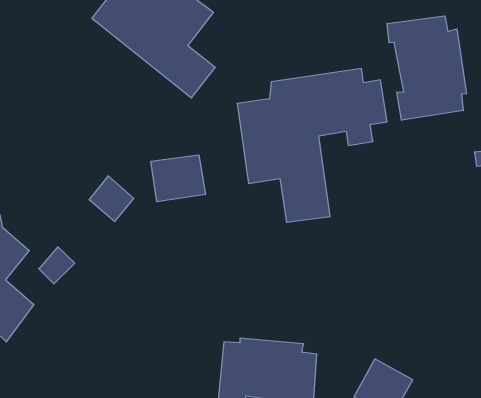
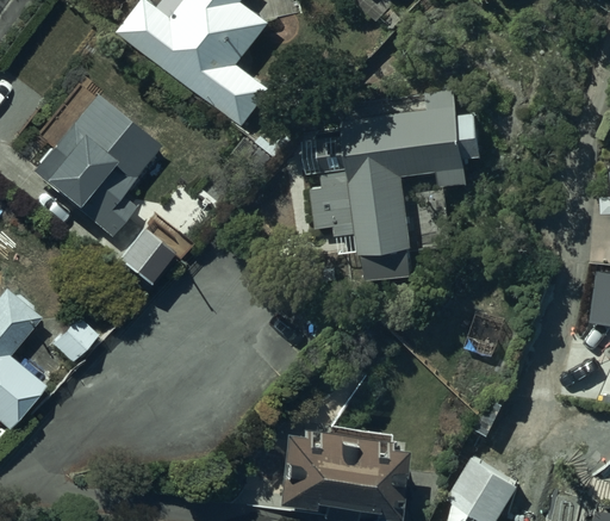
building: [387,16,466,120] -> none
building: none -> [31,92,158,238]
building: [151,155,205,202] -> none

